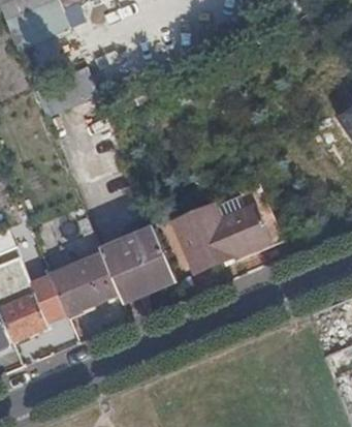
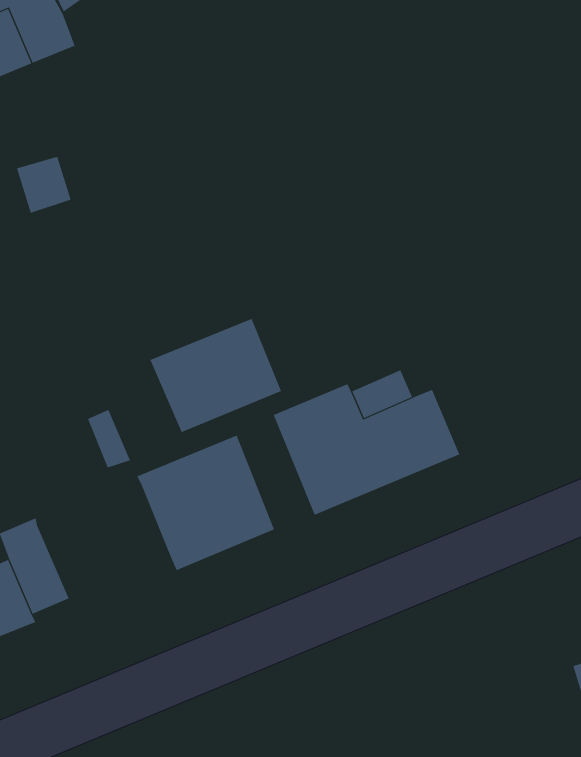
building: [53,254,122,314] -> [150,318,282,433]

